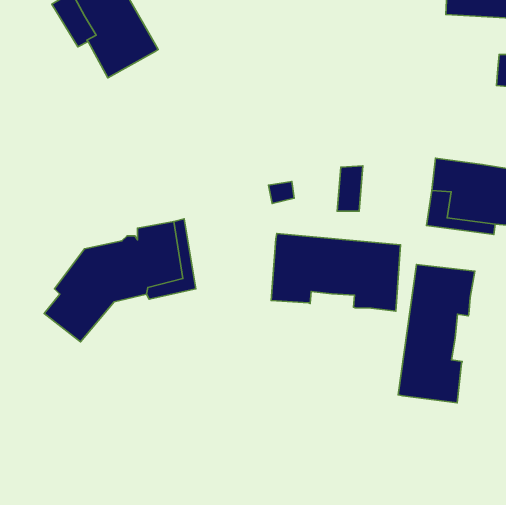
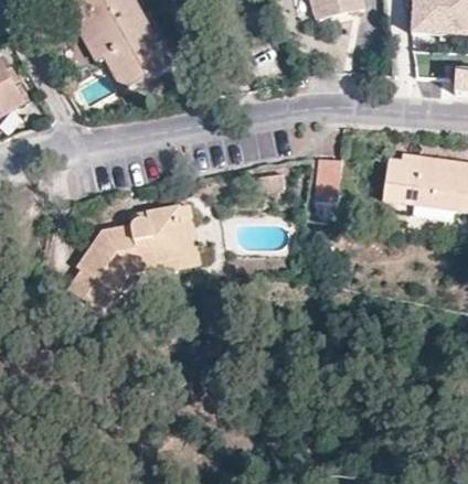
building: [271,234,400,311] -> none
building: [398,265,475,403] -> none

